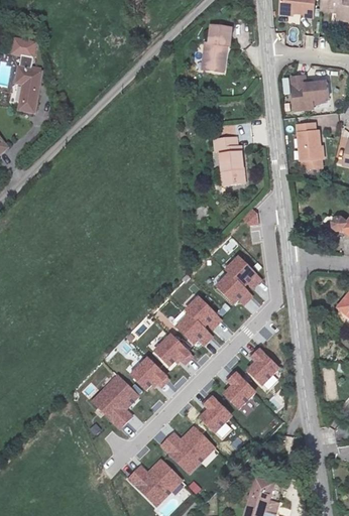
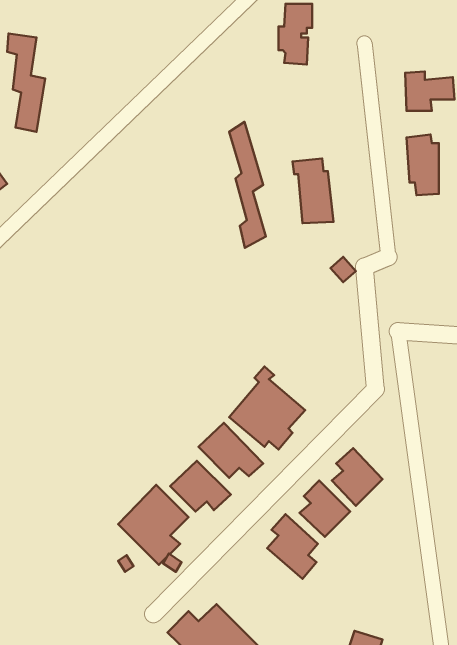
building: none -> [229,122,266,248]
building: [209,253,262,306] -> none
building: [158,422,220,474] -> none

